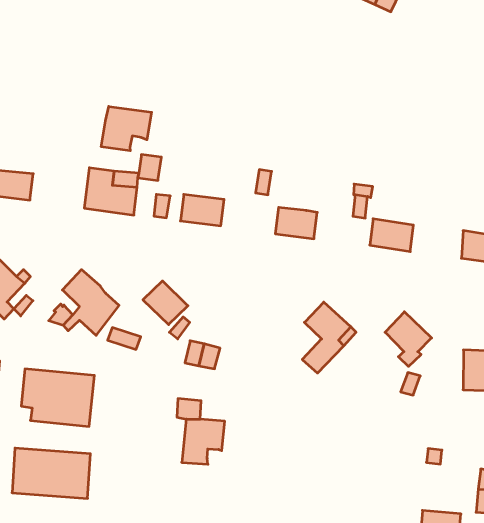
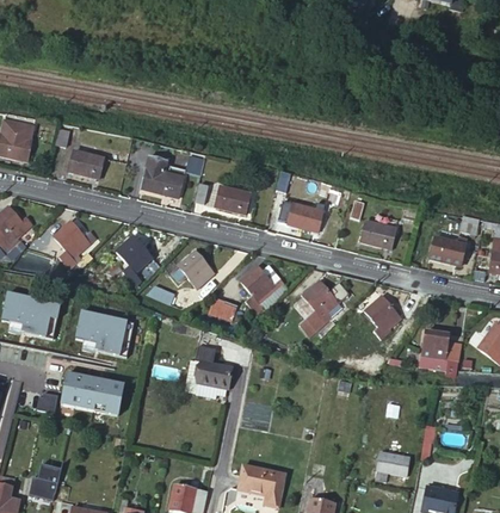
building: [101,106,152,151] -> none
building: none -> [241,264,284,311]

